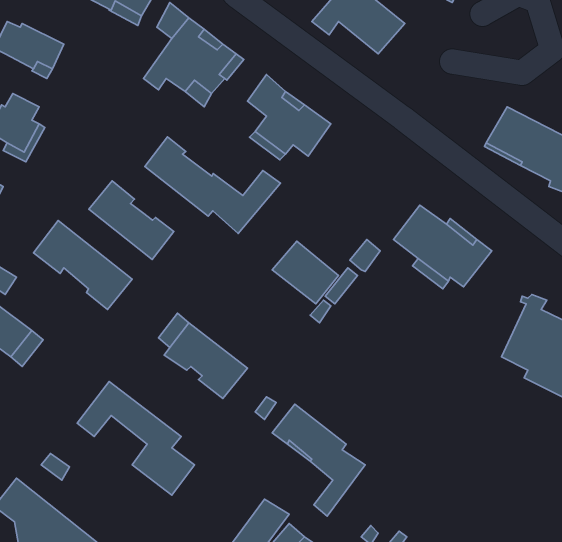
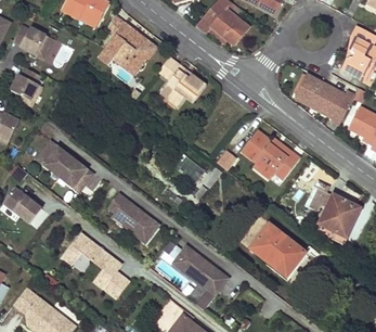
building: [145,137,280,233] -> none
building: [89,181,174,260] -> none
building: none -> [250,222,304,274]

